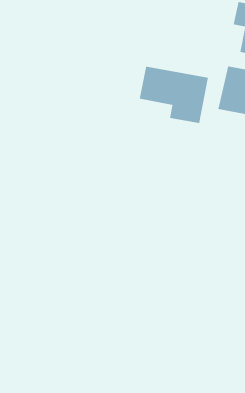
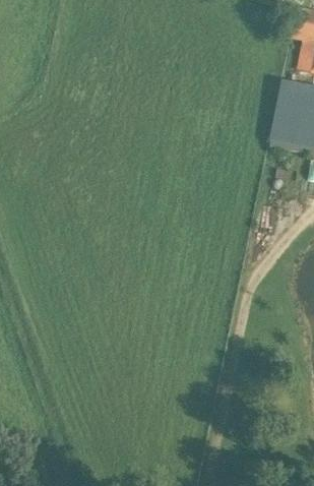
building: [139,66,208,124] -> none

